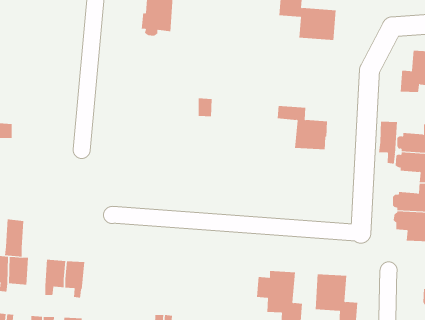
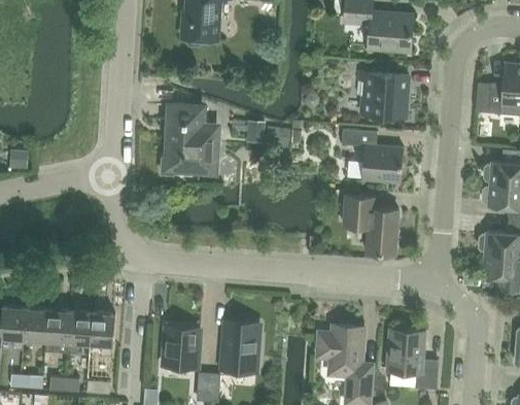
building: none -> [357,73,409,116]
building: none -> [162,105,218,174]
building: [379,121,397,165] -> none
building: none -> [344,195,398,255]
building: [4,219,24,257] -> [44,309,68,355]
building: none -> [220,326,258,374]
building: none -> [162,330,200,369]

